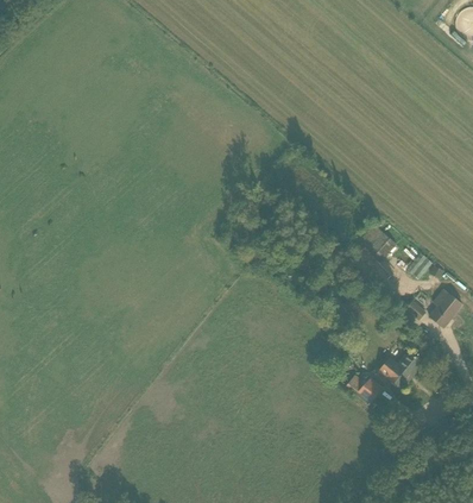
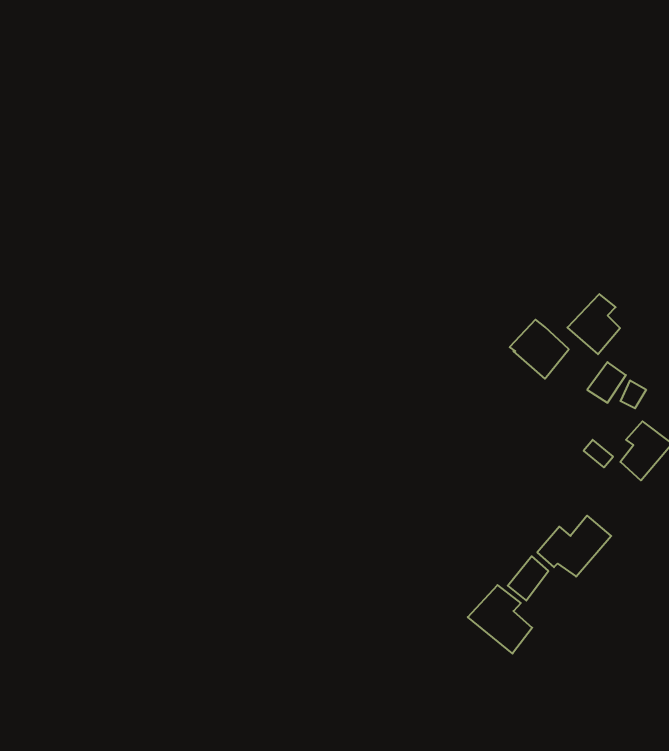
building: none -> [567,294,620,354]
building: none -> [468,585,532,654]

